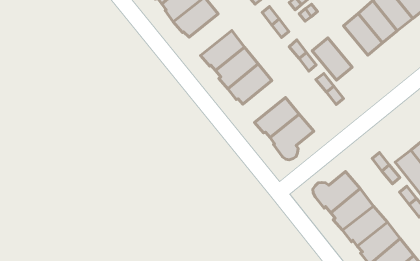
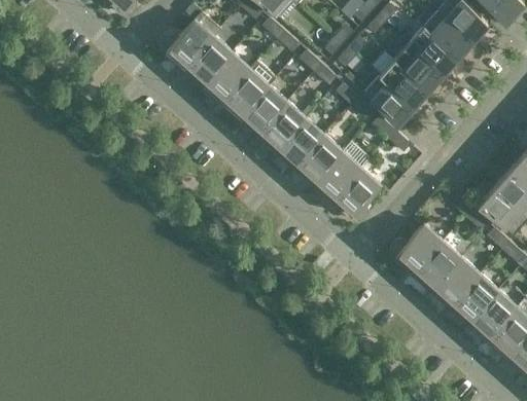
building: none -> [222,64,272,118]
building: none -> [380,59,428,104]
building: none -> [295,134,343,184]

